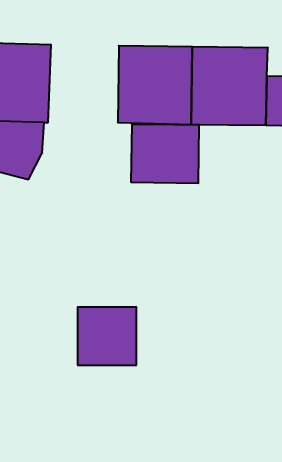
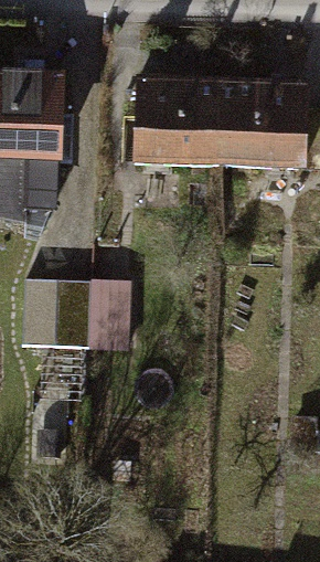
building: [131,124,199,183] -> none
building: [78,307,136,365] -> [23,284,89,349]

